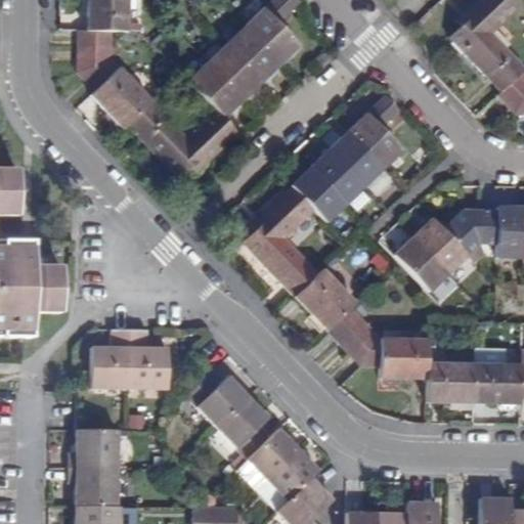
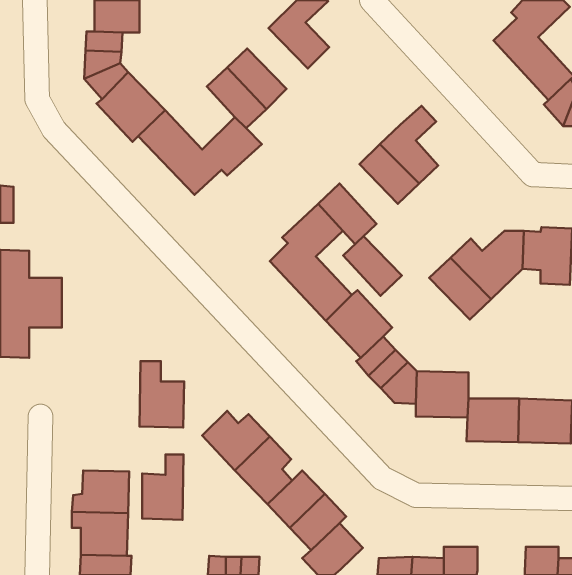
building: [227,26,282,81] -> none
building: [311,149,364,204] -> [343,236,402,296]
building: [92,329,130,388] -> [142,454,184,520]

